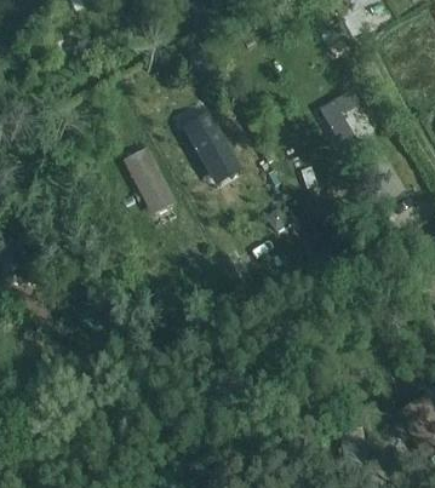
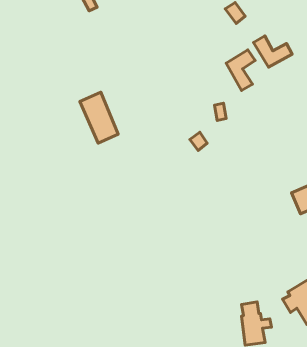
building: none -> [254,36,292,67]
building: [182,110,242,185] -> none

